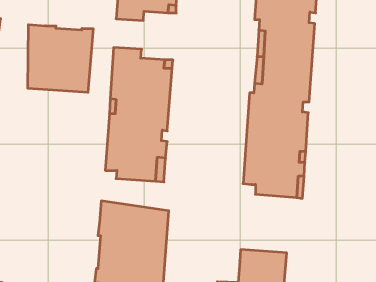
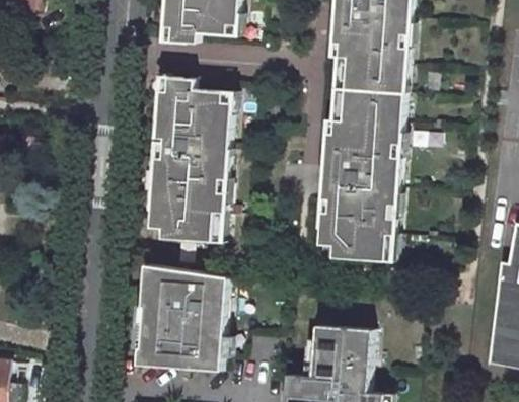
building: [28,25,93,92] -> none

